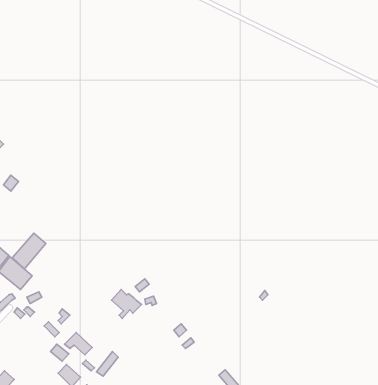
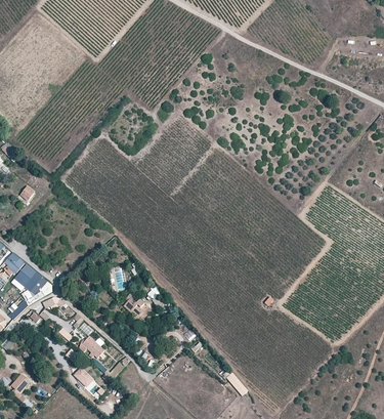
building: [12,233,46,269] -> none

